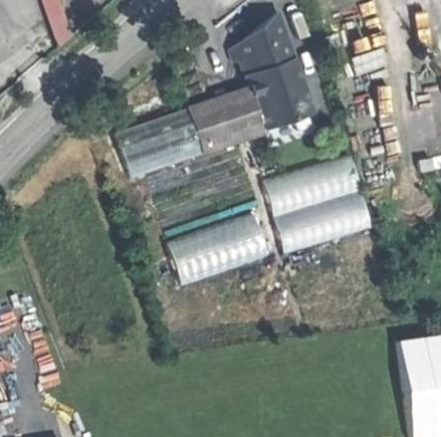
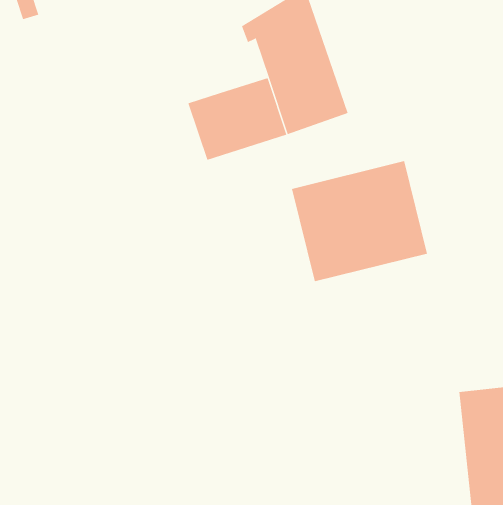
building: [116,108,201,177] -> none
building: [170,210,272,283] -> none

